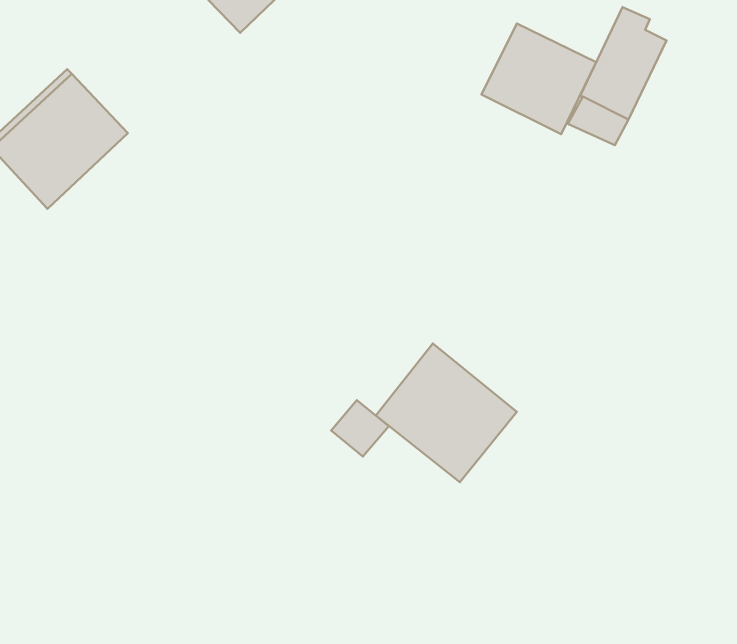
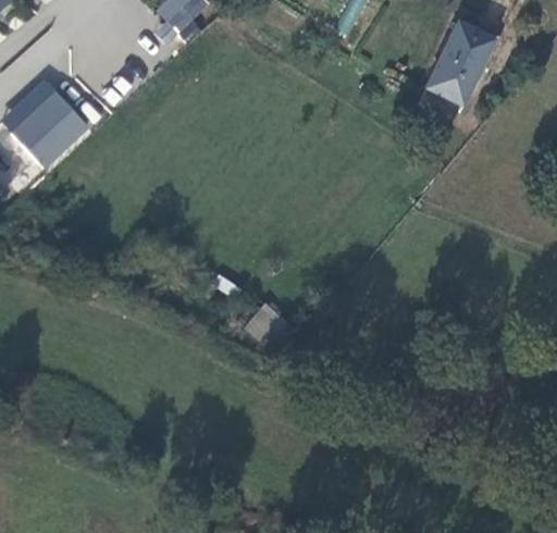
building: [481,24,596,134] -> none
building: [376,344,517,482] -> none

